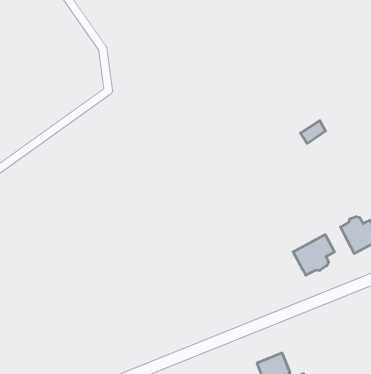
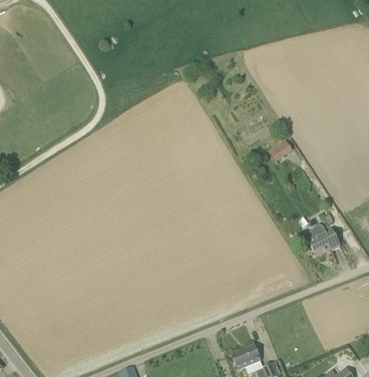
building: [293,235,334,275] -> none

